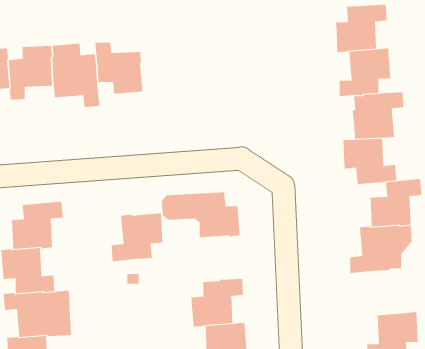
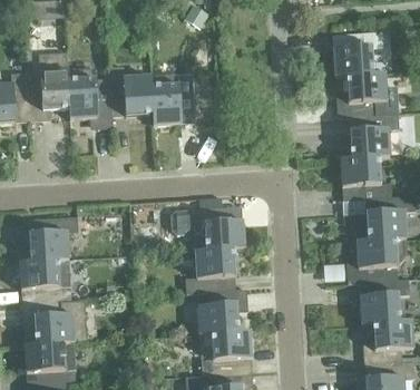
building: none -> [150,74,194,125]
building: [111,213,163,262] -> [185,248,234,294]
building: none -> [359,279,408,324]

